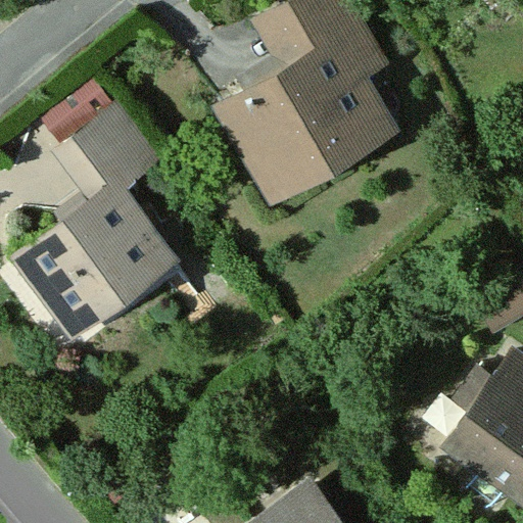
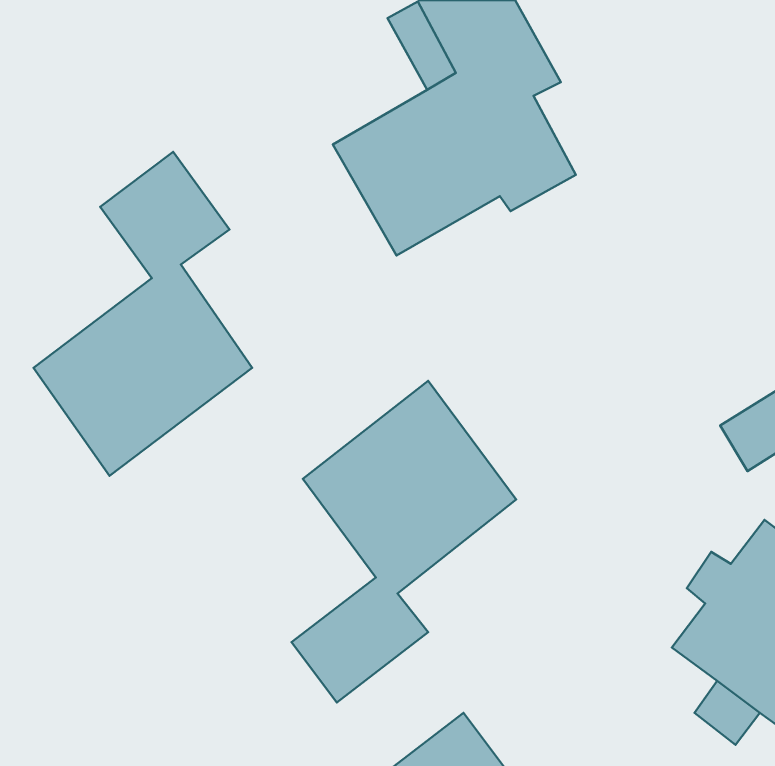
building: none -> [292,381,516,702]

